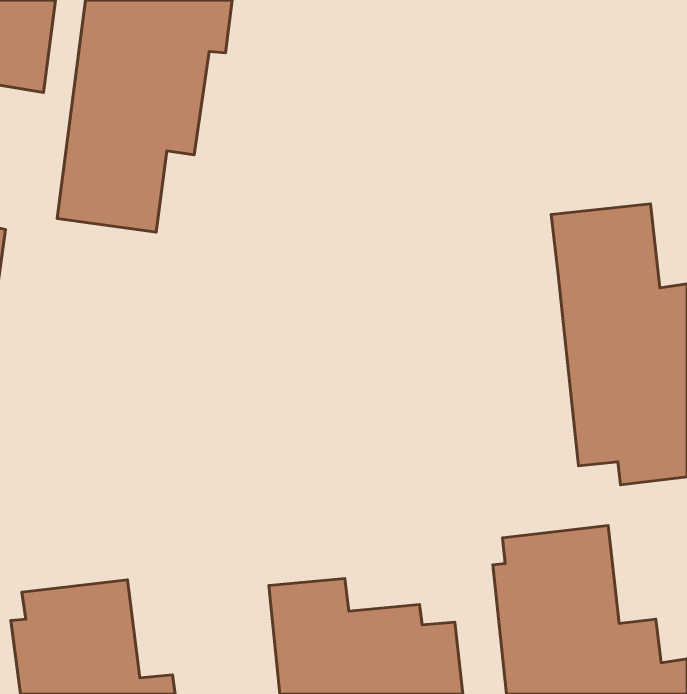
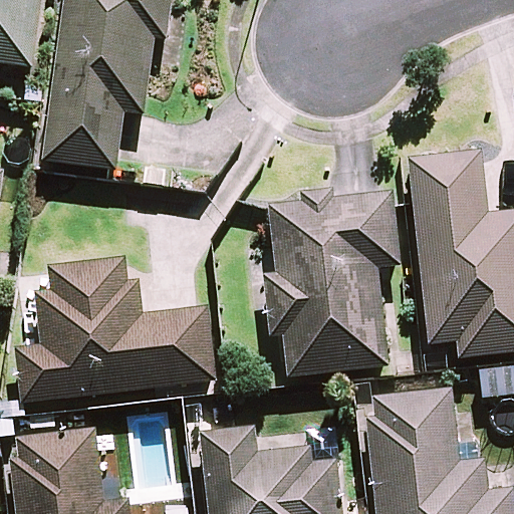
building: none -> [262,188,401,377]
building: none -> [14,257,217,405]

